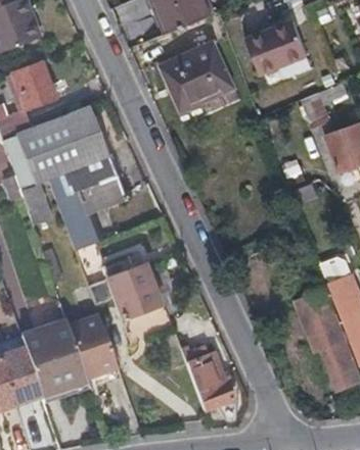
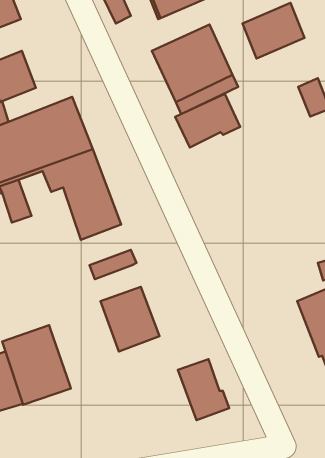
building: none -> [175,94,240,148]
building: [49,177,96,248] -> none
building: [88,264,152,304] -> none
building: [68,313,118,377] -> none

